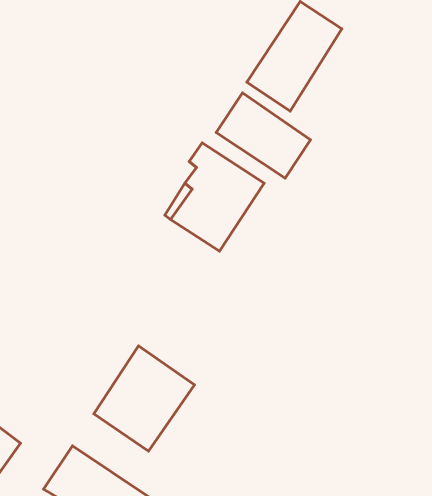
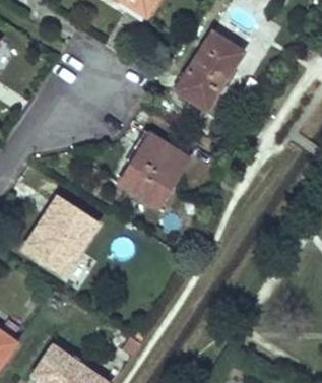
building: [216,93,310,178] -> none
building: [94,346,195,451] -> [26,197,98,271]

